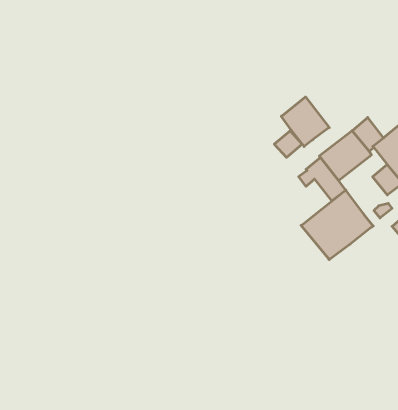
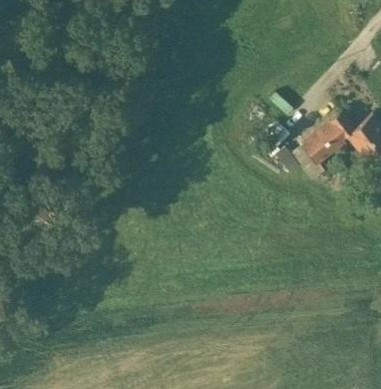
building: [281,97,329,147] -> none
building: [301,190,373,260] -> none

